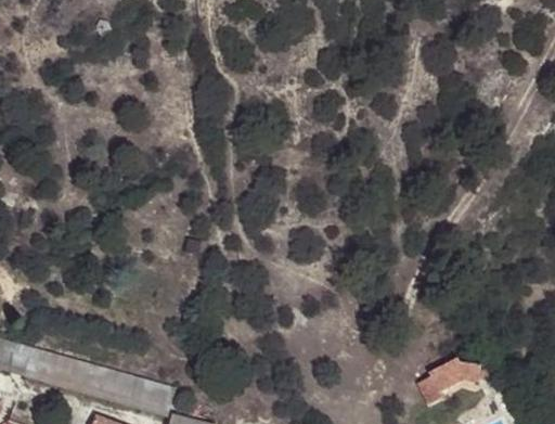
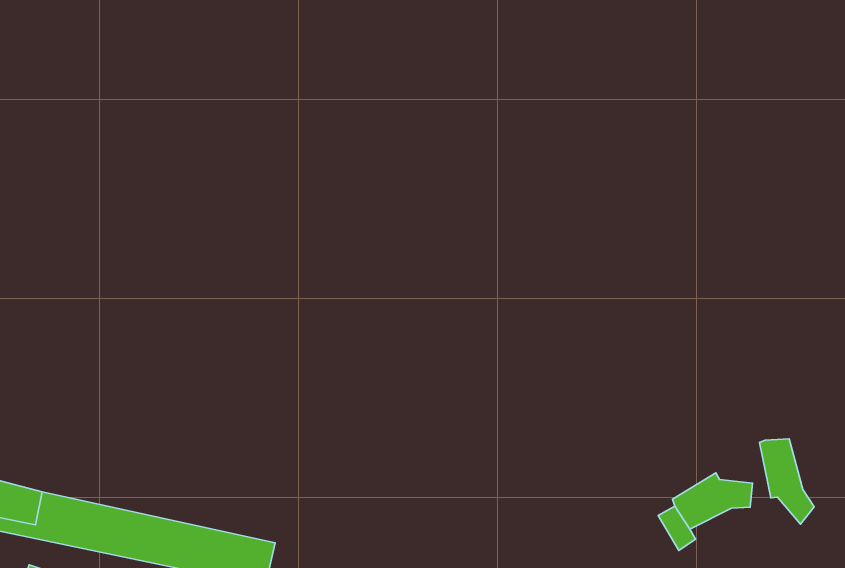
building: none -> [760,439,814,524]

